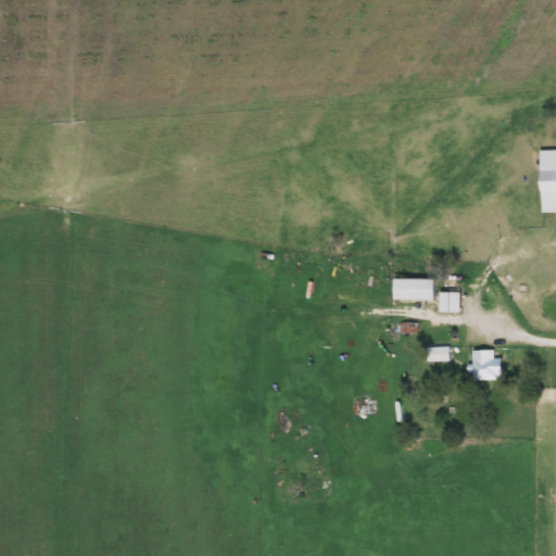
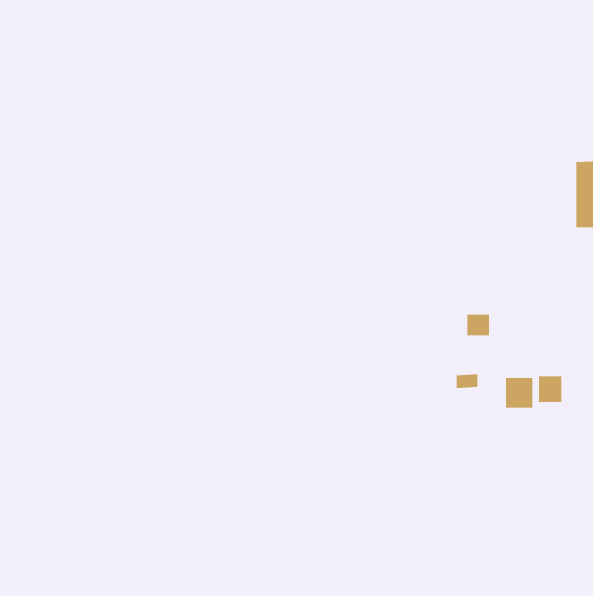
building: [392,278,432,299] -> none
building: none -> [538,376,562,403]

